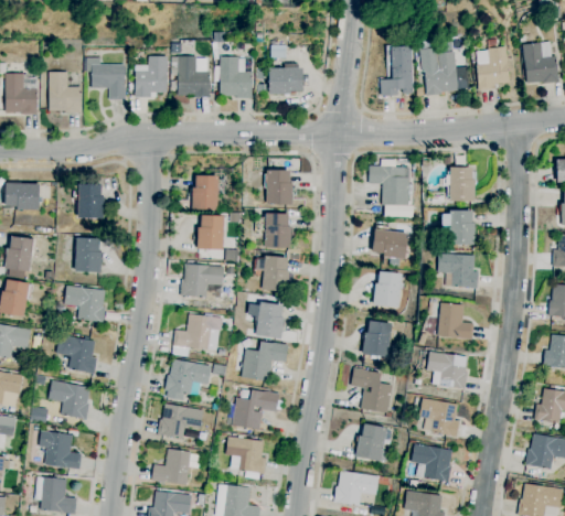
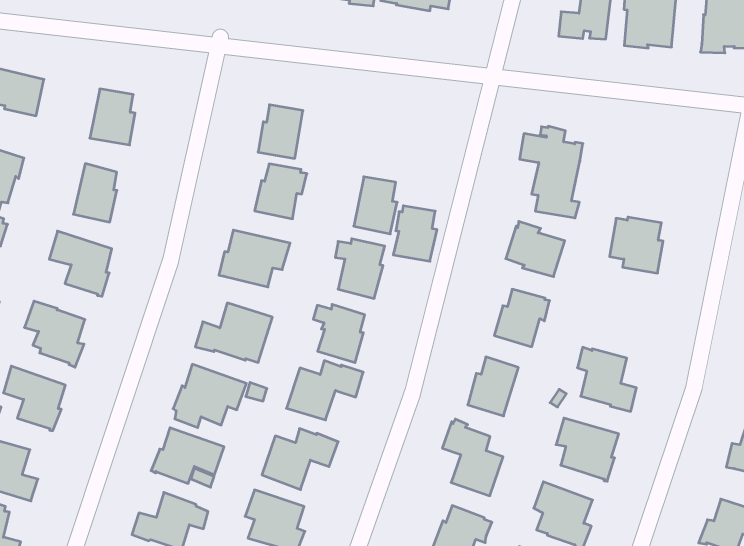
building: [439,166,475,202] -> none
building: [265,170,292,204] -> [393,206,437,261]
building: [437,254,478,287] -> none

